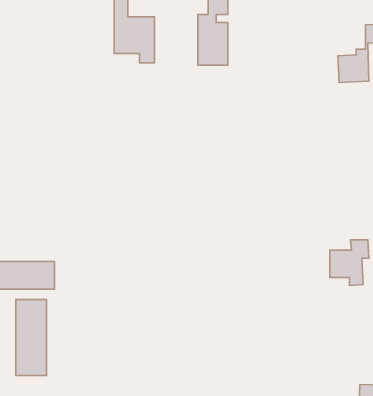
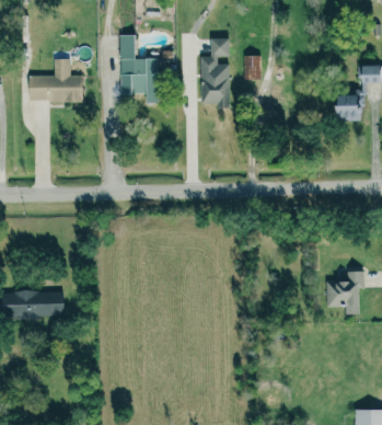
building: none -> [243,55,262,79]
building: none -> [27,58,82,102]
building: [16,299,46,376] -> none

